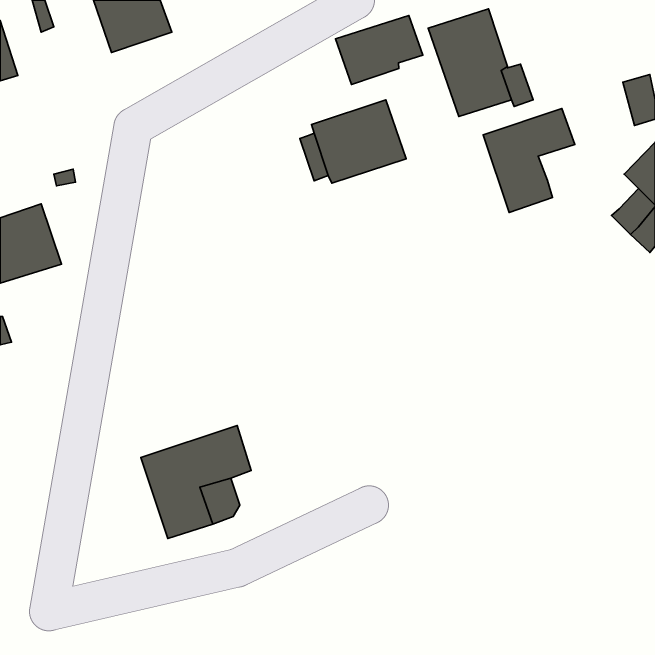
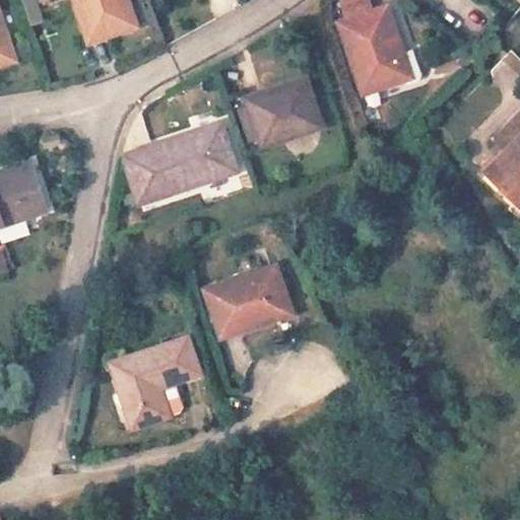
building: [336,15,423,84] -> none
building: [483,108,575,213] -> none
building: none -> [124,123,237,202]
building: none -> [206,266,291,336]

